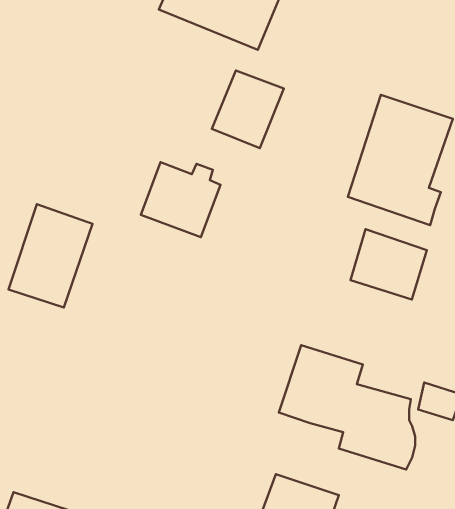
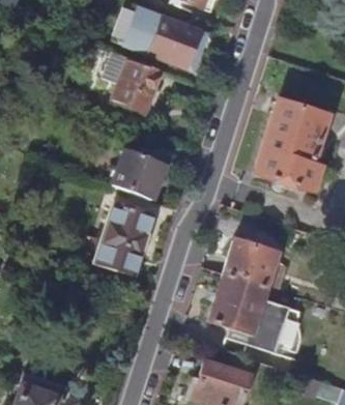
building: [212,70,284,148] -> [112,57,162,111]
building: [8,204,92,308] -> [96,201,154,272]
building: [350,229,427,300] -> [224,238,277,287]

